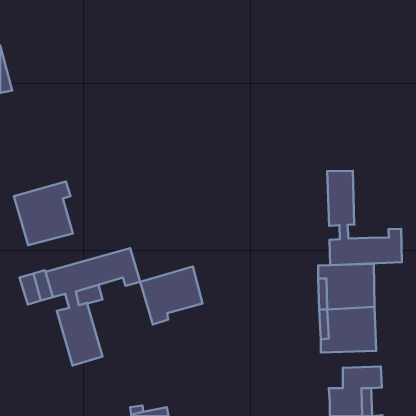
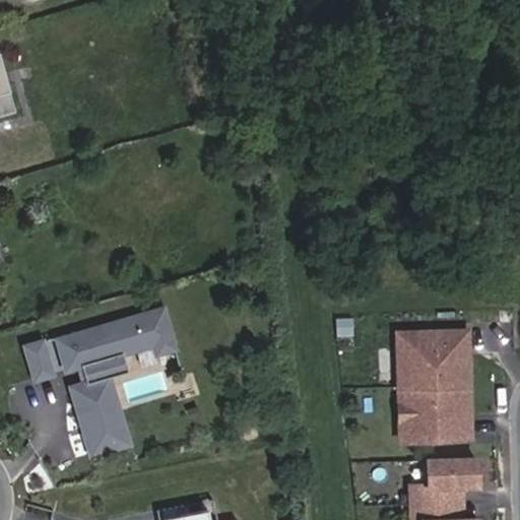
building: [327,171,402,265] -> none
building: [14,181,73,245] -> none
building: [140,267,202,324] -> none

